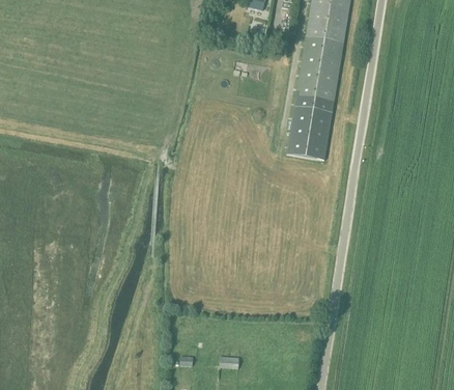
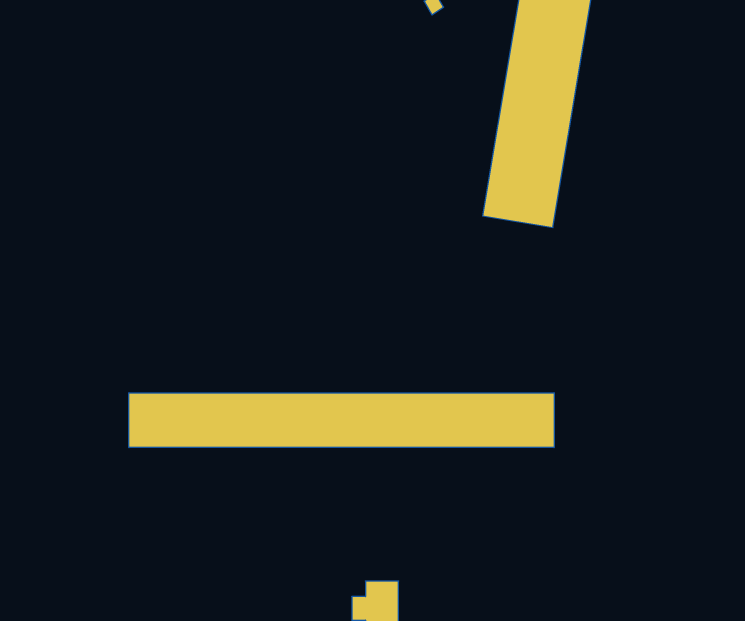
building: none -> [129,393,554,448]

